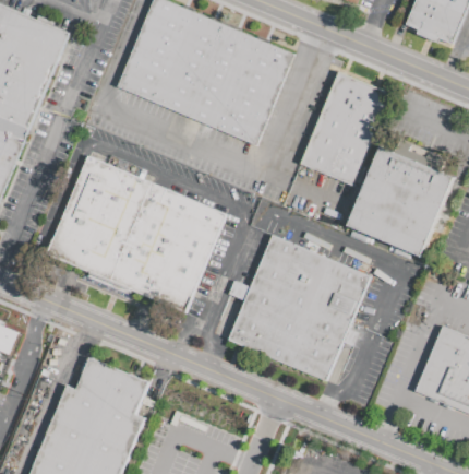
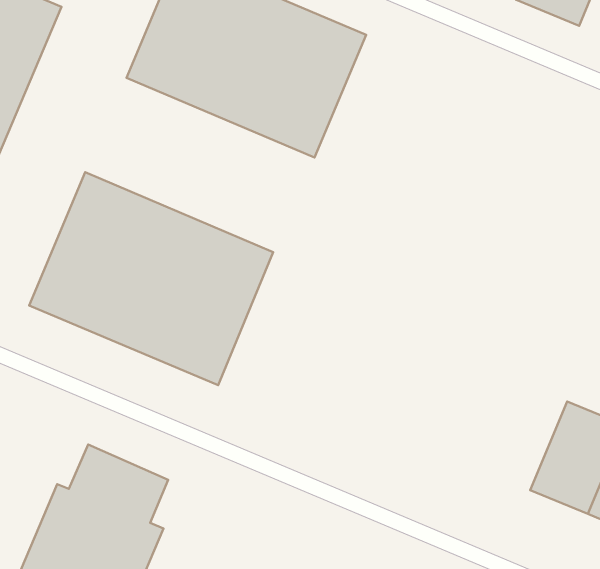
building: [301,71,392,186] -> none
building: [347,137,459,257] -> none
building: [229,235,369,379] -> none

